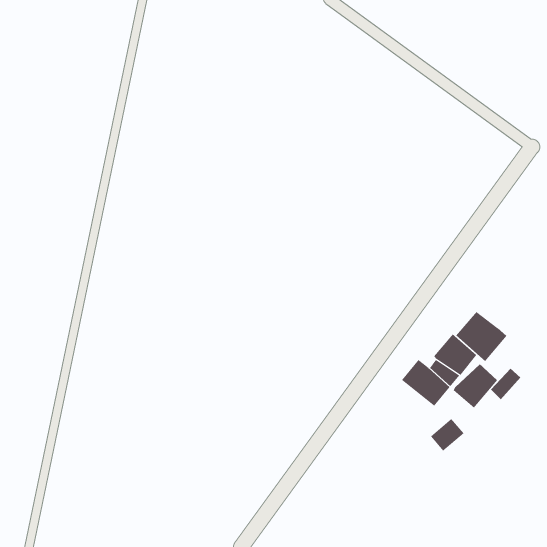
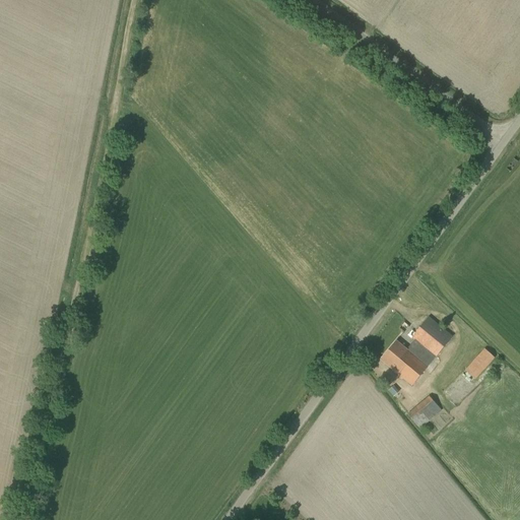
building: [456,311,507,362] -> none
building: [453,363,498,409] -> none

